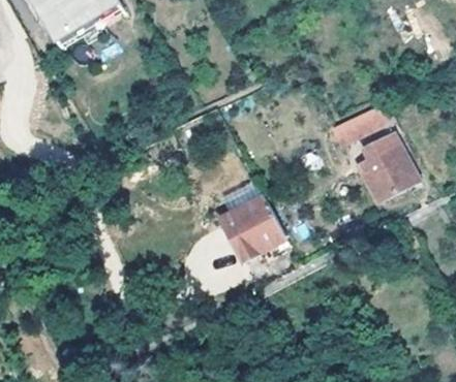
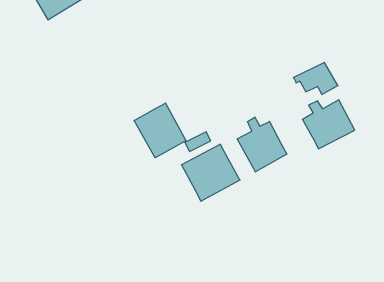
building: none -> [134,103,186,158]
building: none -> [237,117,287,172]

